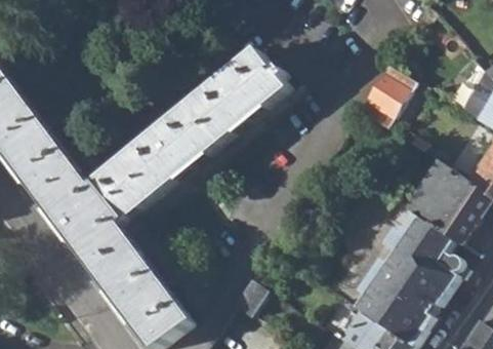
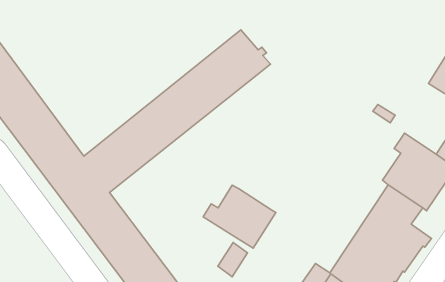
building: [357,64,414,126] -> none
building: none -> [203,185,276,248]

